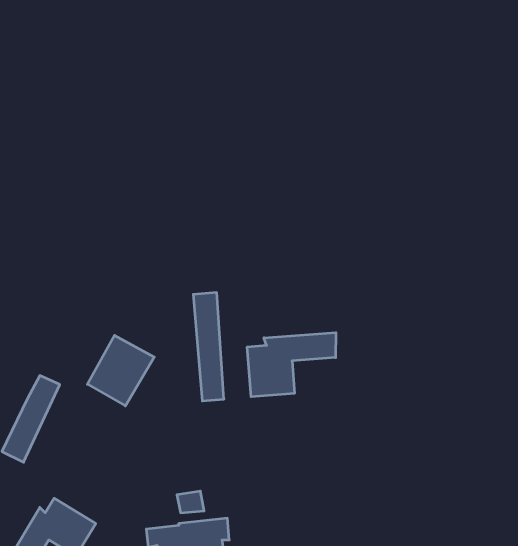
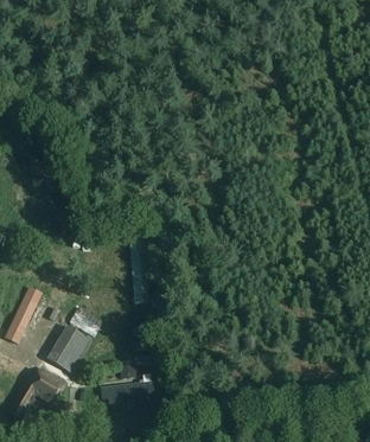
building: [247,333,336,397] -> none
building: [87,335,154,406] -> [47,326,91,372]

